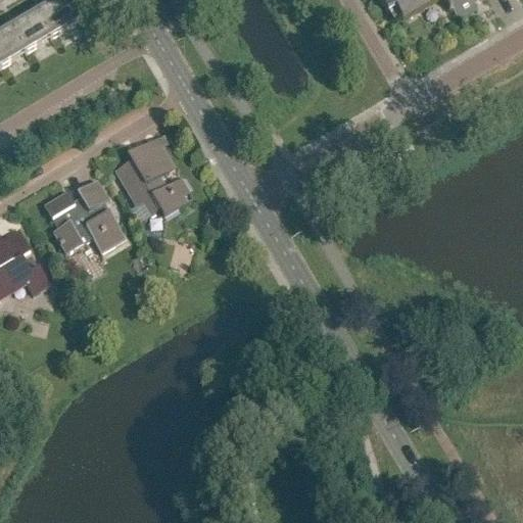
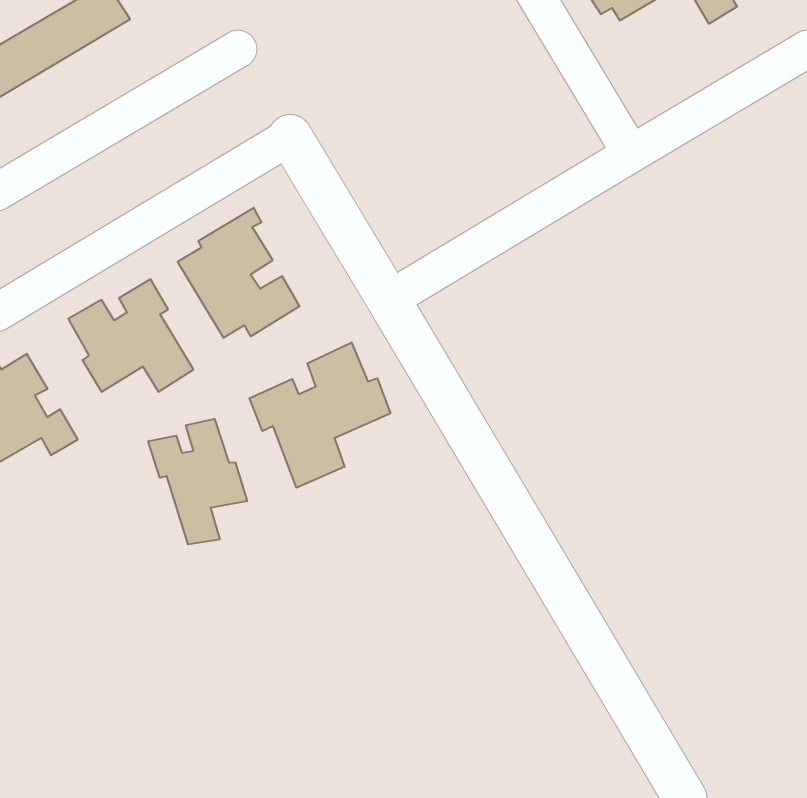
building: none -> [249,342,390,488]
building: none -> [148,419,247,544]

